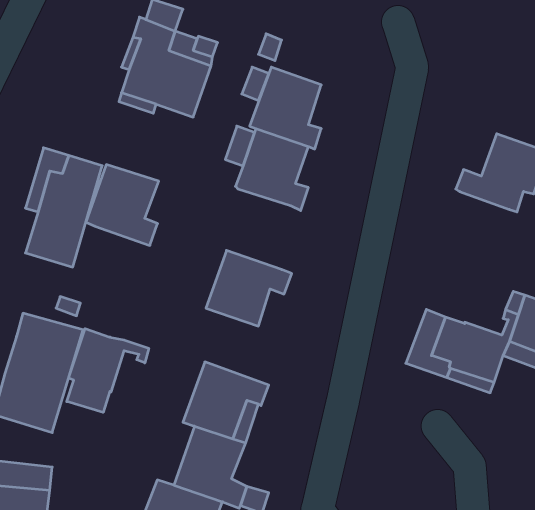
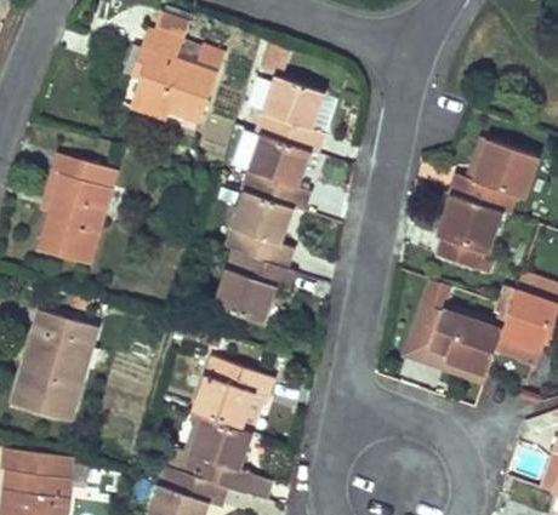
building: [86,165,159,245] -> [224,191,294,268]
building: none -> [437,194,501,269]
building: [67,329,149,412] -> none

